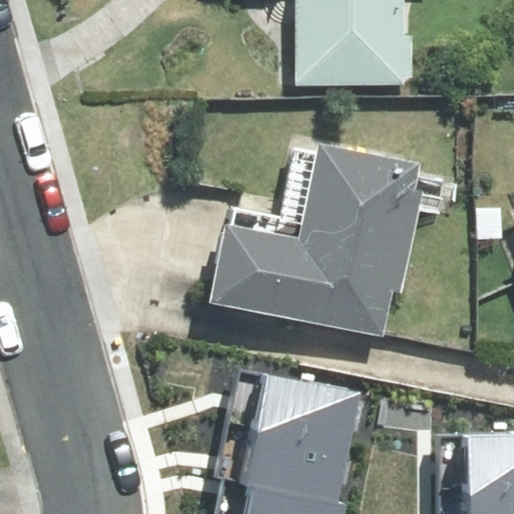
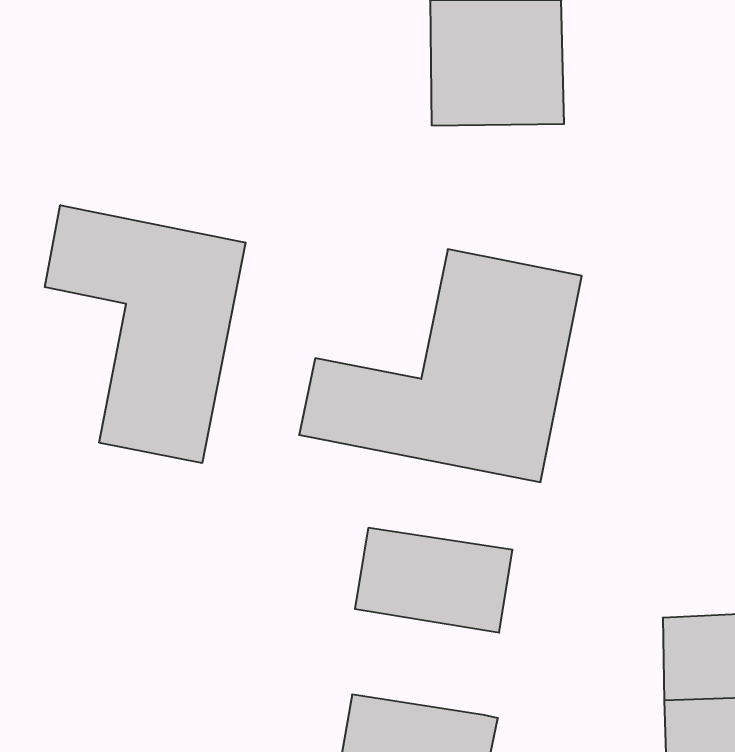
building: none -> [45,205,245,463]
building: [244,416,352,488] -> none

